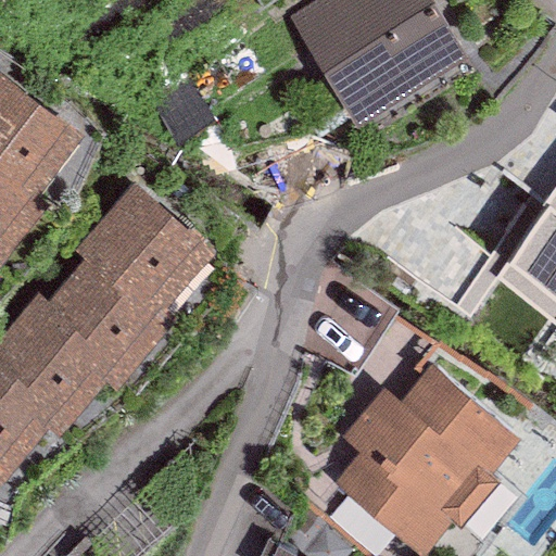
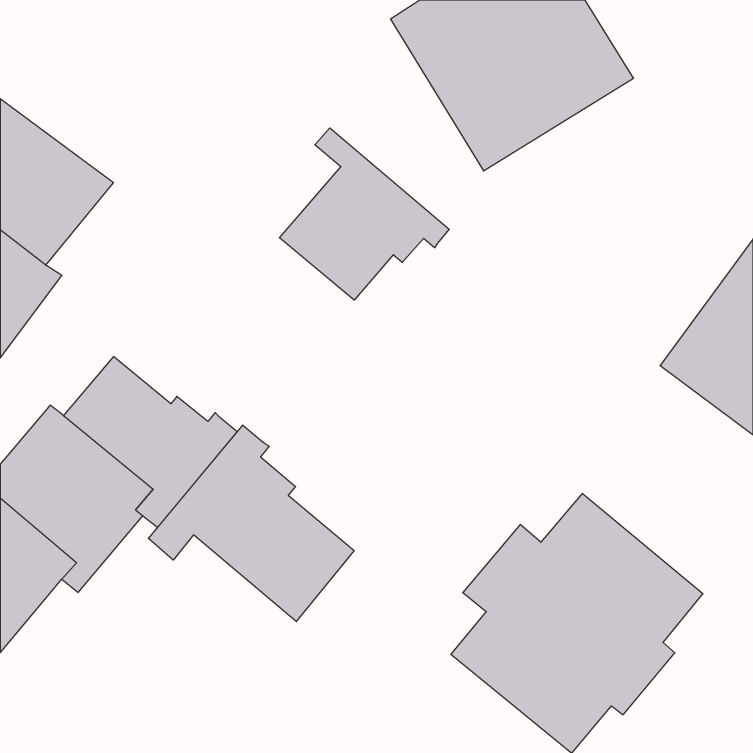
building: none -> [279,128,449,300]
building: [72,182,213,311] -> none
building: none -> [148,425,354,622]

